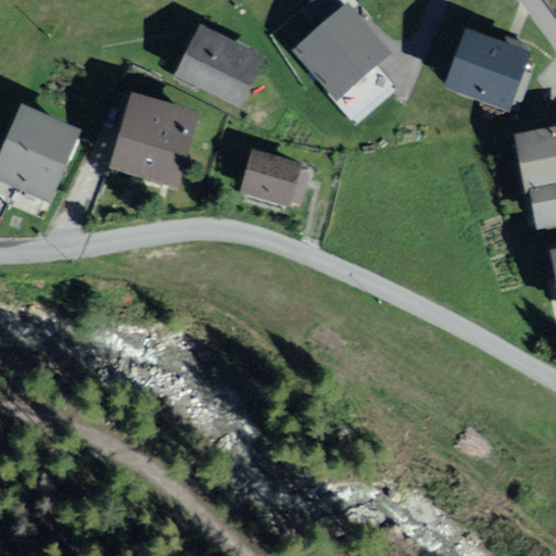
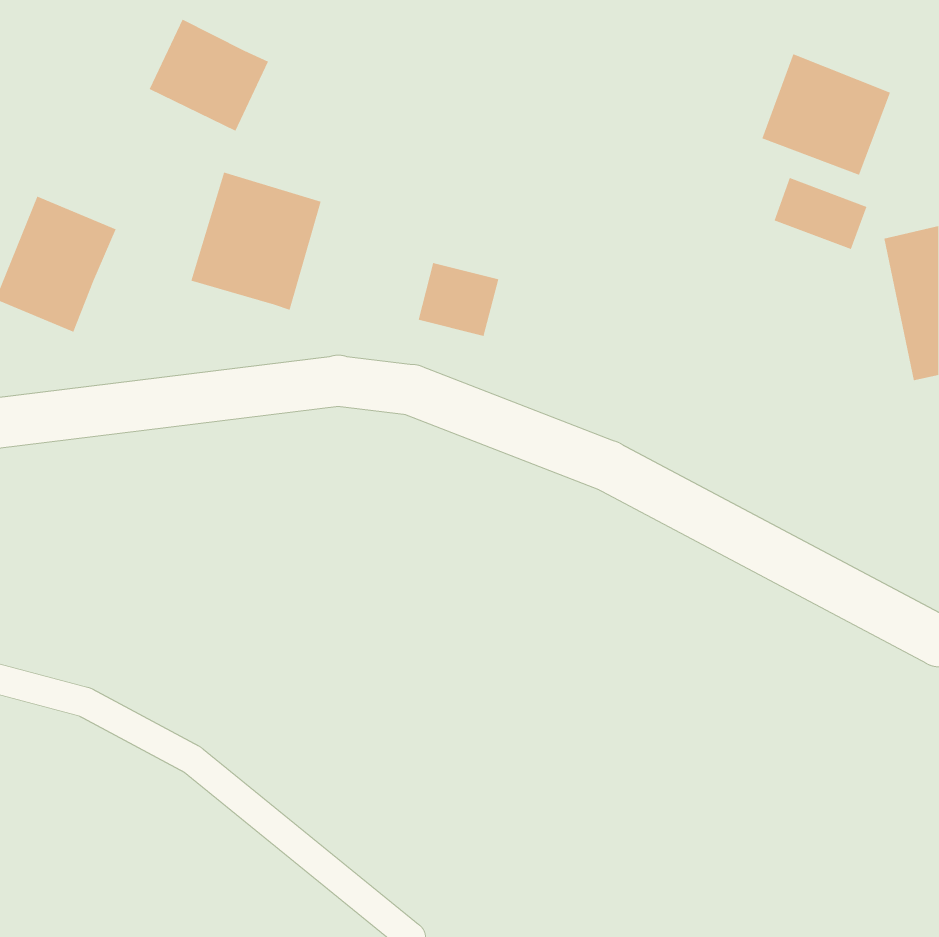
building: [299,10,381,108] -> none
building: [182,30,253,97] -> [149,19,269,132]
building: none -> [774,177,867,250]

